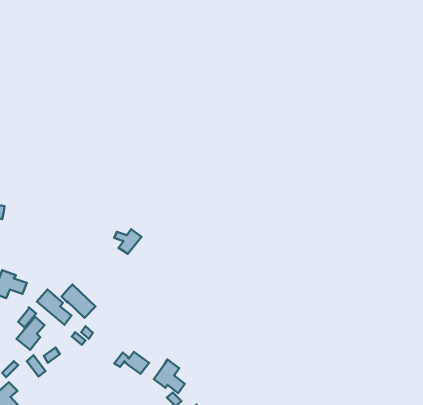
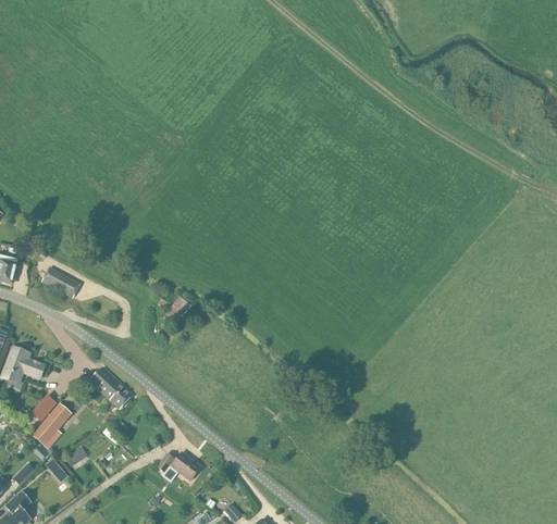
building: none -> [41,266,81,298]
building: [37,289,71,325] -> none
building: [154,359,185,393] -> none

